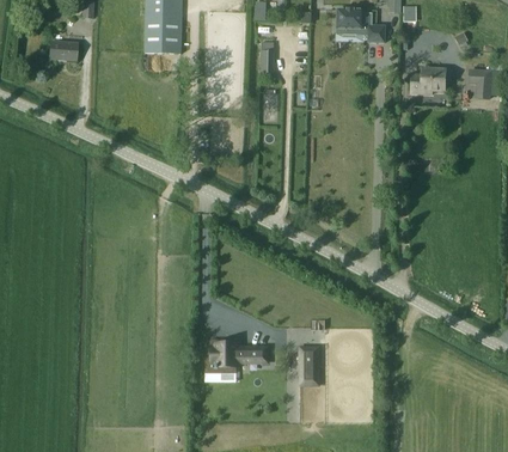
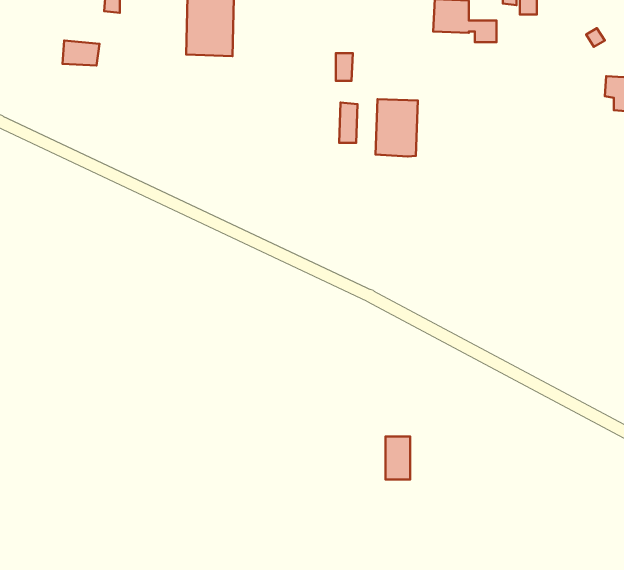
building: [410,68,445,92] -> none
building: none -> [375,99,418,156]
building: [206,340,267,373] -> none

